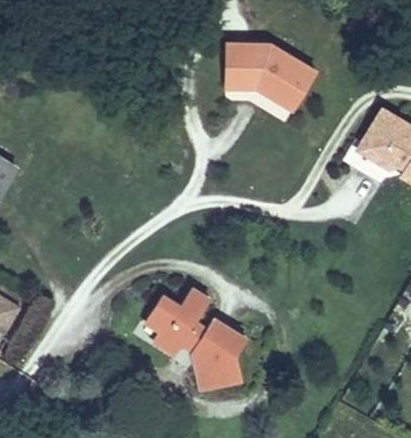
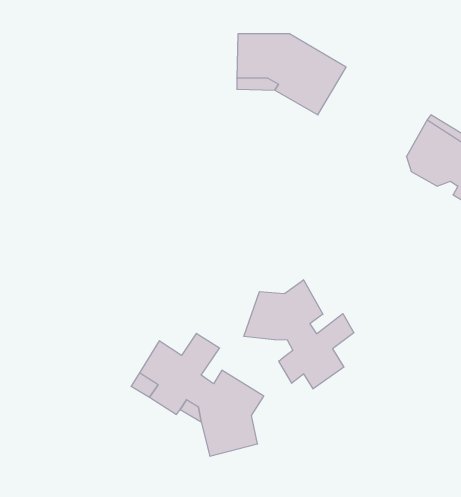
building: none -> [244,280,354,389]

